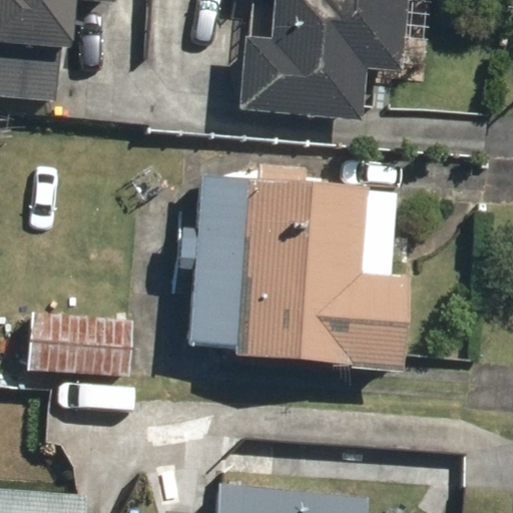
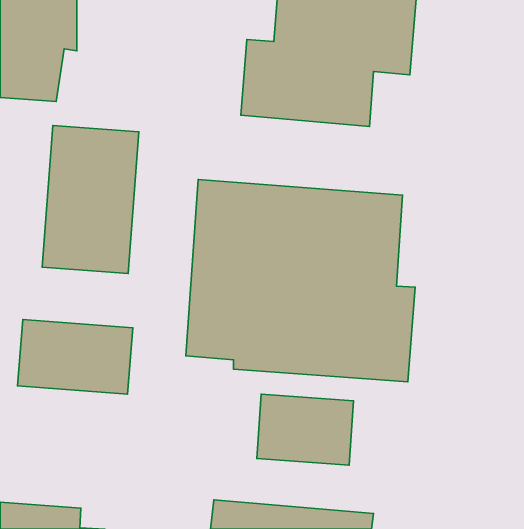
building: none -> [42,126,139,274]
building: none -> [257,394,354,465]

